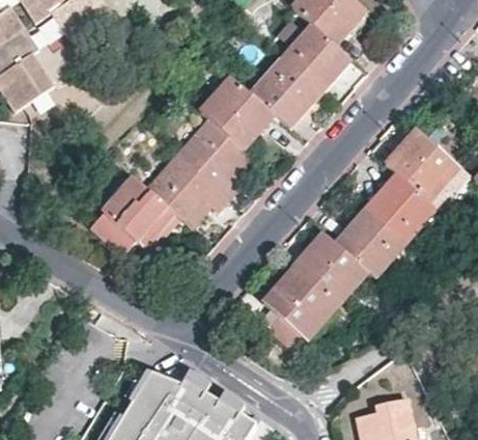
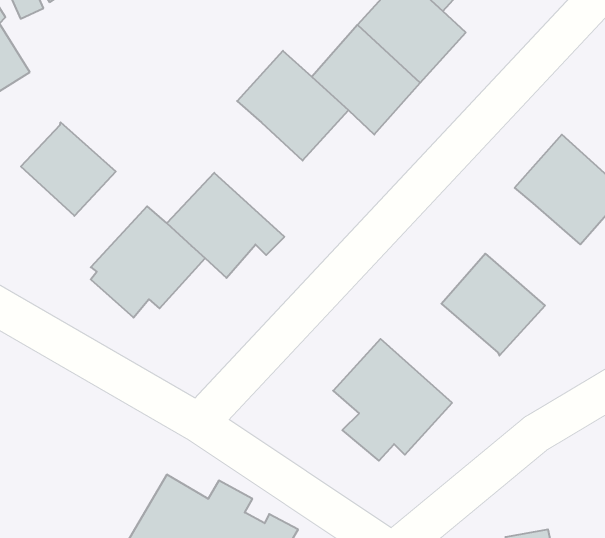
building: none -> [21,122,116,216]
building: [179,121,252,199] -> none
building: [364,176,437,246] -> none
building: [292,235,372,312] -> none

